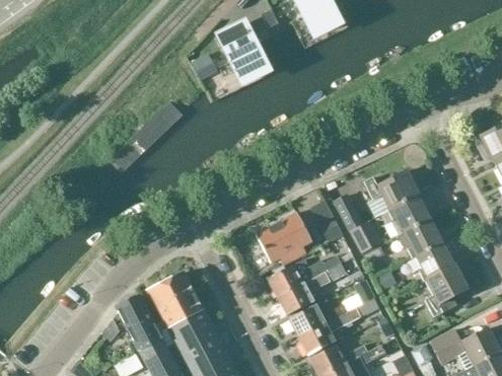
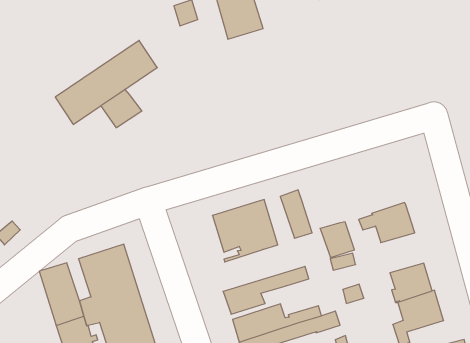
building: none -> [101,89,142,128]
building: [364,170,419,210] -> none
building: [333,193,364,229] -> none
building: [399,219,442,257] -> none
building: [267,251,354,297] -> none

